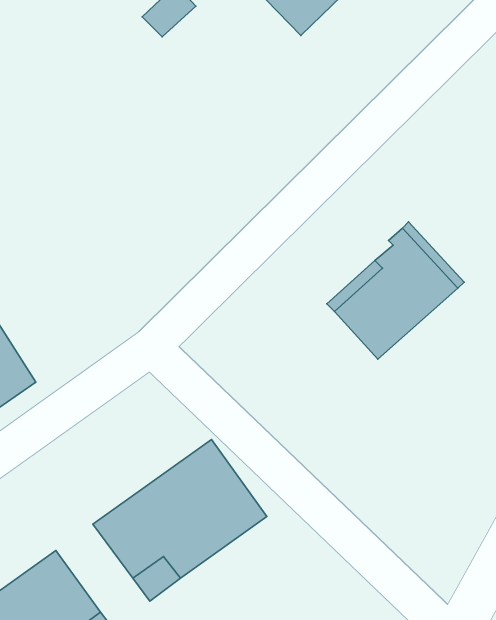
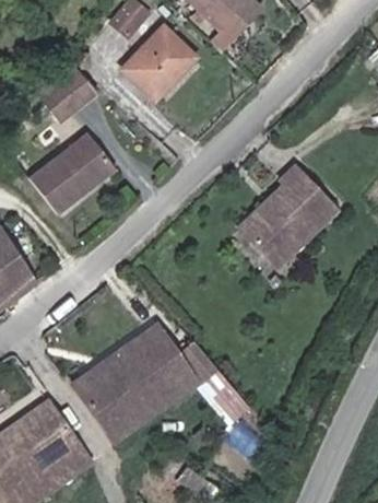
building: none -> [120,24,197,100]
building: none -> [37,65,98,121]
building: none -> [26,132,113,214]

